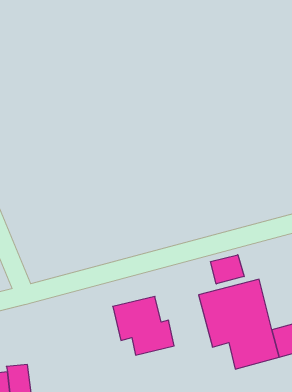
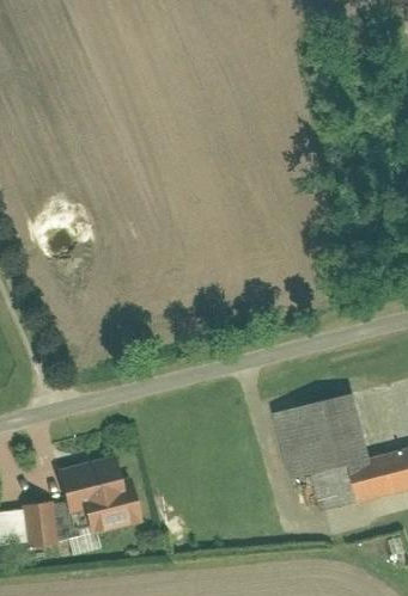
building: [211,255,244,284] -> none
building: [113,296,174,355] -> [60,457,140,534]

